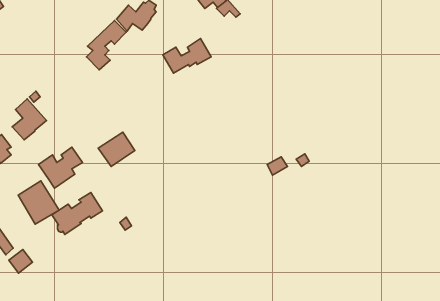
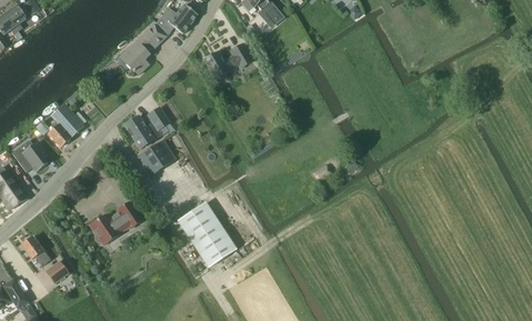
building: [38,147,83,188] -> [123,106,169,148]
building: [18,181,59,224] -> none
building: none -> [177,201,235,267]

